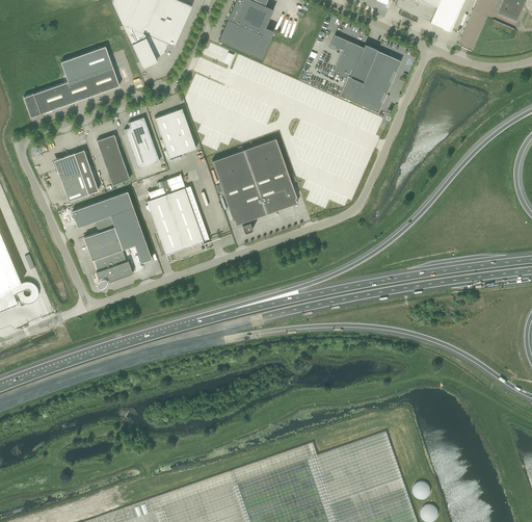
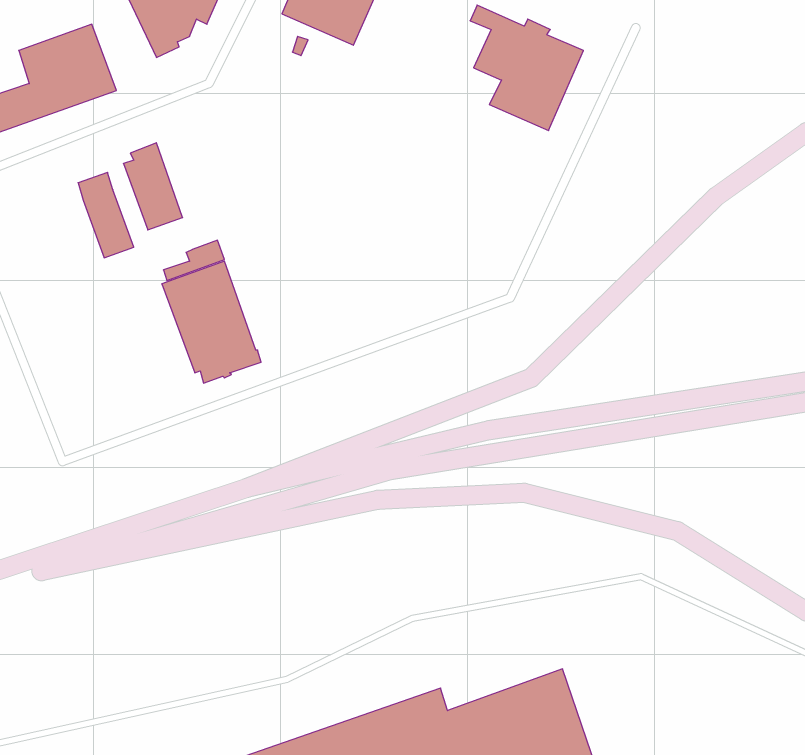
building: [155,109,196,158] -> none
building: [212,138,297,233] -> none
building: [55,150,98,202] -> none
building: [72,191,152,288] -> none

